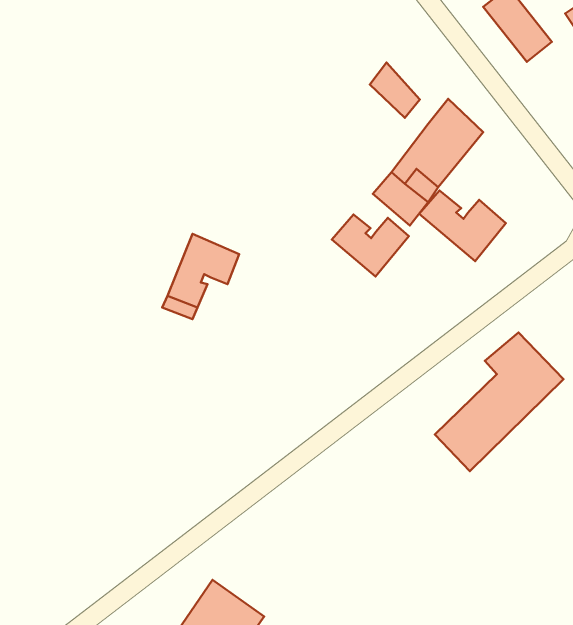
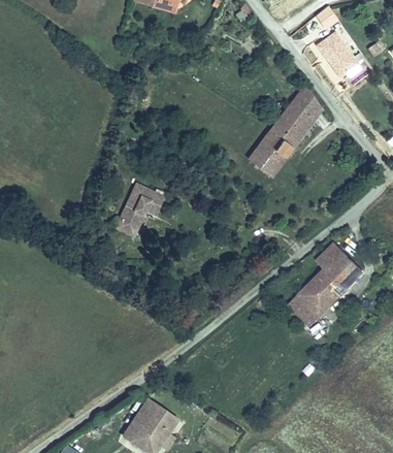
building: [370,63,420,118] -> [293,87,324,121]
building: [419,190,506,261] -> none
building: [332,215,409,277] -> none

